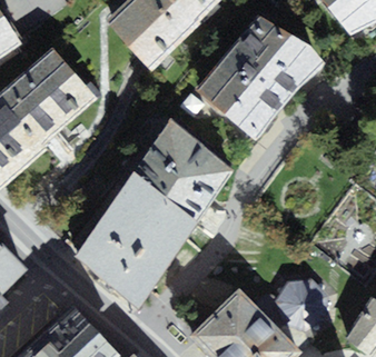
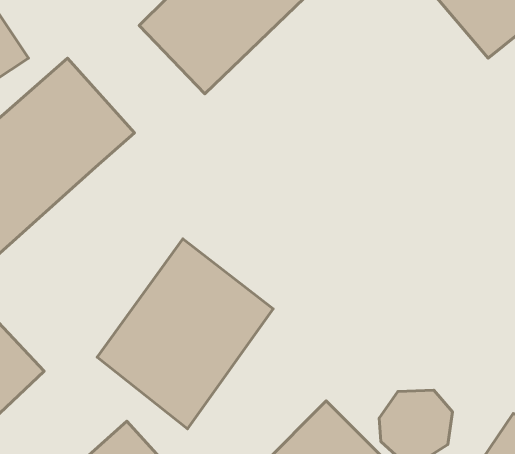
building: [192,14,323,142] -> none
building: [132,121,230,222] -> none

